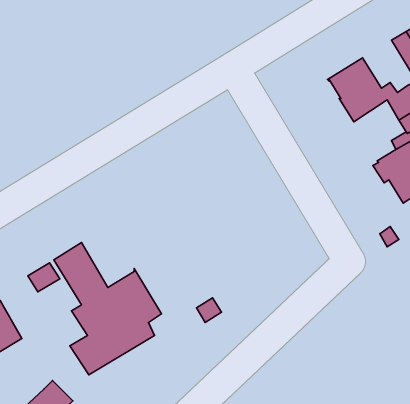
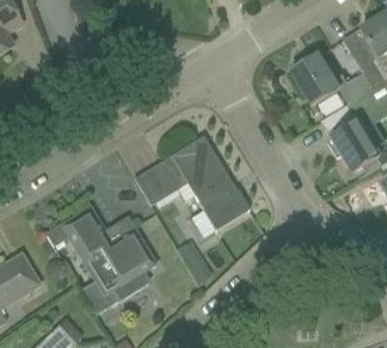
building: none -> [147,135,250,229]

